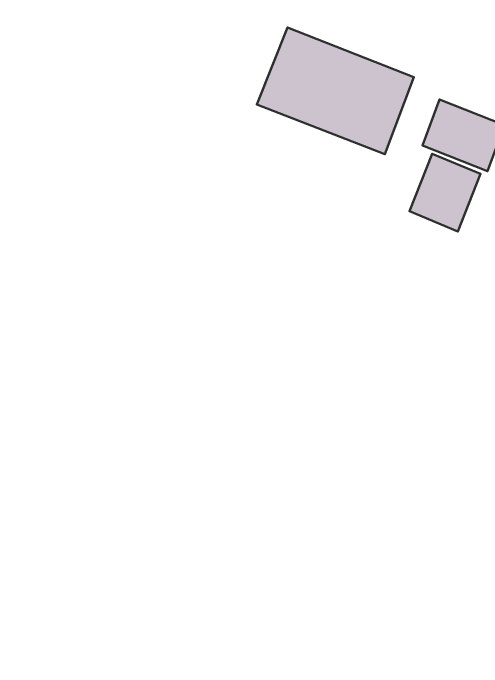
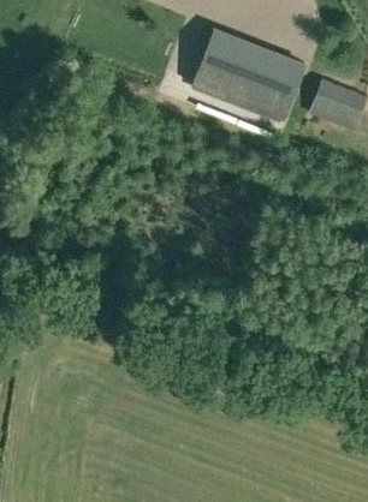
building: [409,154,481,231] -> none

